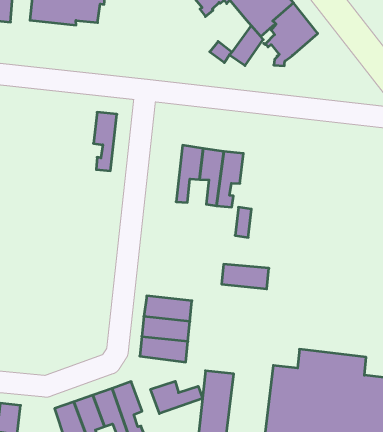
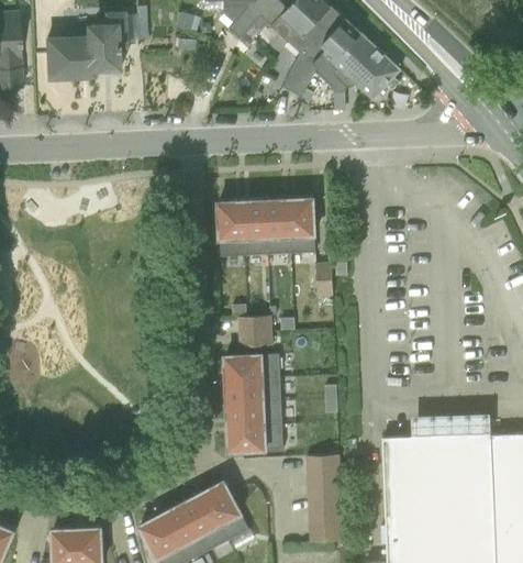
building: none -> [353,49,400,98]
building: [93,112,117,171] -> [219,201,244,268]
building: none -> [238,317,272,346]
building: [222,264,269,289] -> [225,354,279,380]
building: [151,381,202,414] -> none

